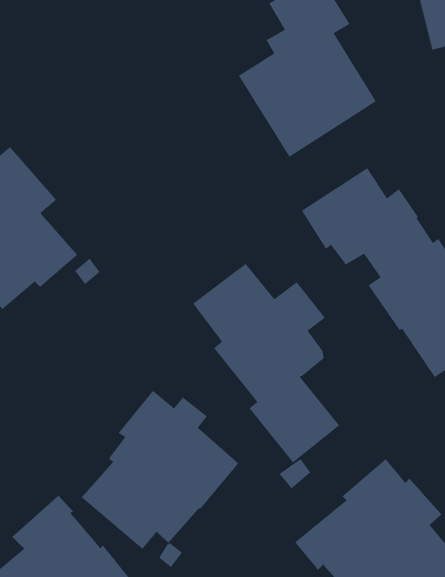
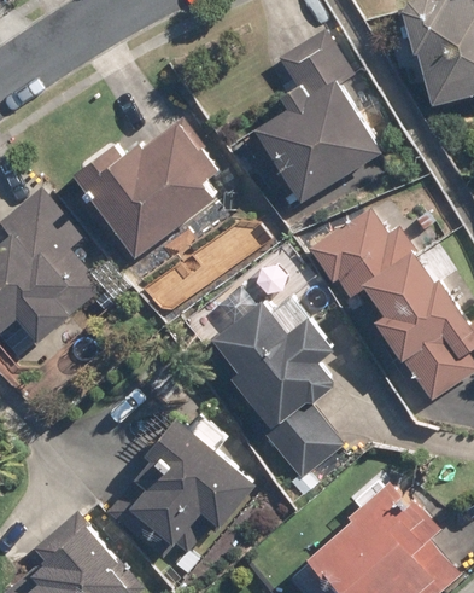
building: none -> [69,120,213,256]

